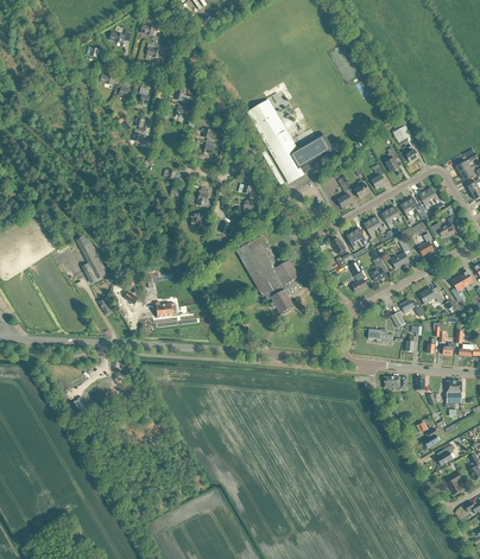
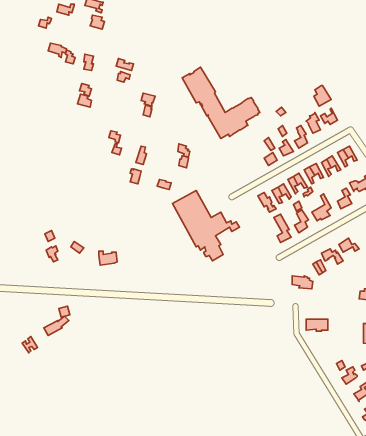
building: [75,235,107,282] -> none

